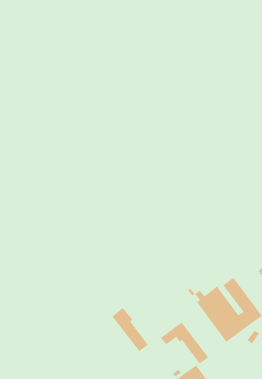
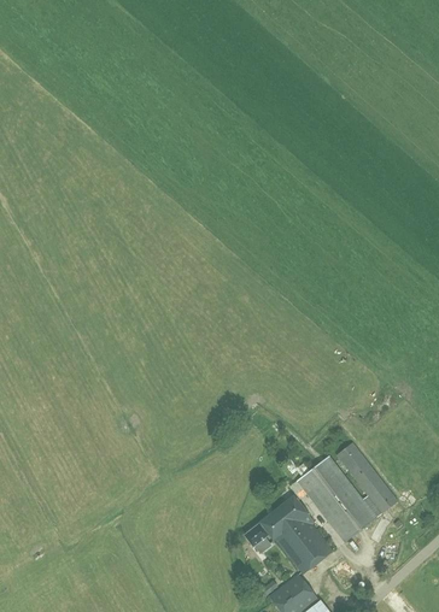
building: [112,307,149,352] -> [276,495,332,563]

